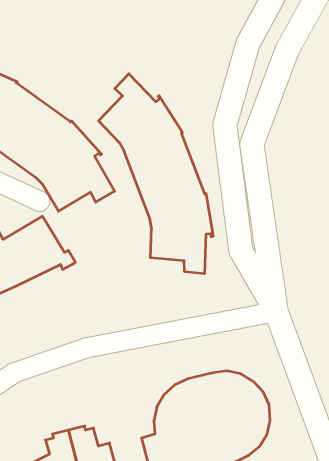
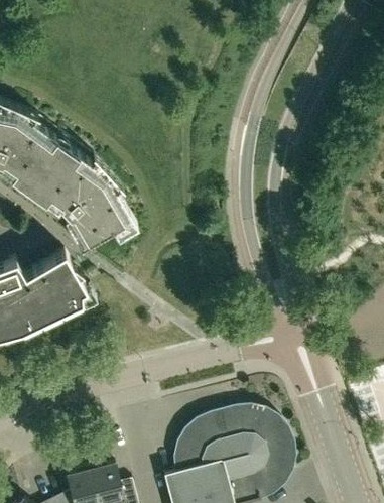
building: [99,74,213,274] -> none

